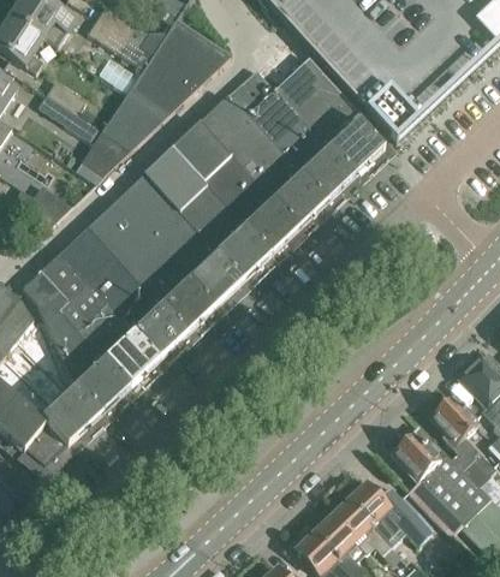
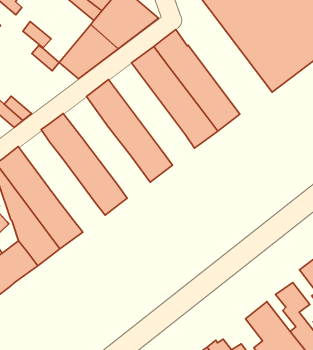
building: [274,56,382,174] -> none
building: [171,120,298,254] -> none
building: [81,131,130,176] -> none
building: [114,173,243,305] -> none
building: [58,225,186,358] -> none

